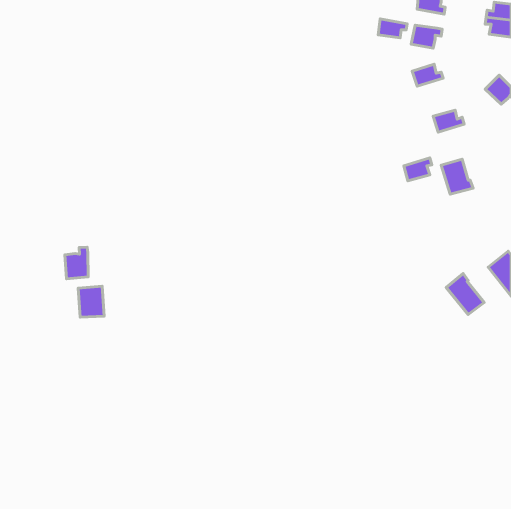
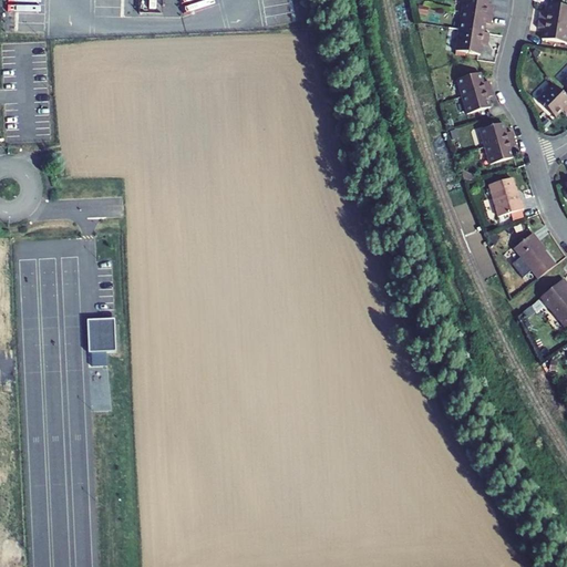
building: [378,19,407,38] -> [460,10,492,31]
building: none -> [462,86,493,113]
building: [404,158,432,181] -> [485,137,516,163]
building: [65,247,88,279] -> none
building: [446,273,484,314] -> [514,231,556,277]

